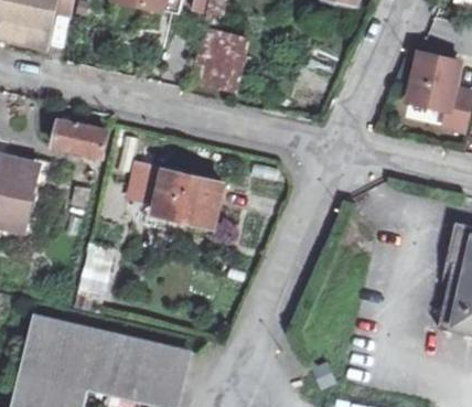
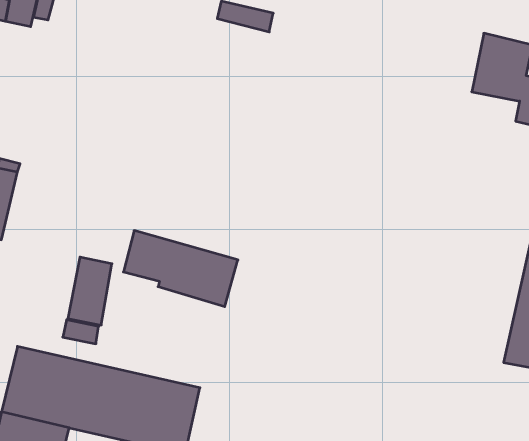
building: [193,45,244,90] -> none
building: [52,114,106,157] -> none
building: [128,161,223,224] -> [123,231,238,307]

